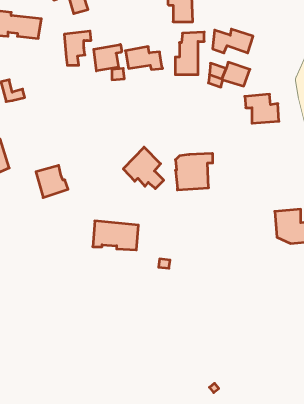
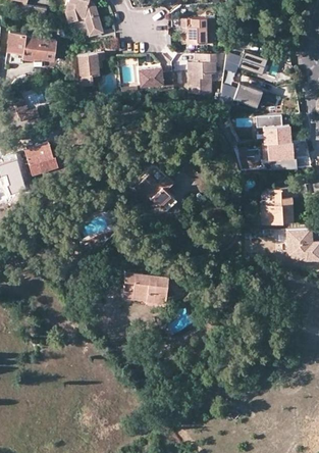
building: [94,44,122,71] -> none
building: none -> [263,146,295,163]
building: [175,154,213,190] -> [261,189,298,224]
building: [36,165,68,198] -> [25,143,57,174]
building: [93,221,138,250] -> [123,273,168,302]

